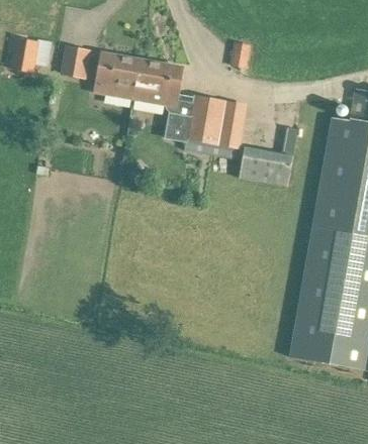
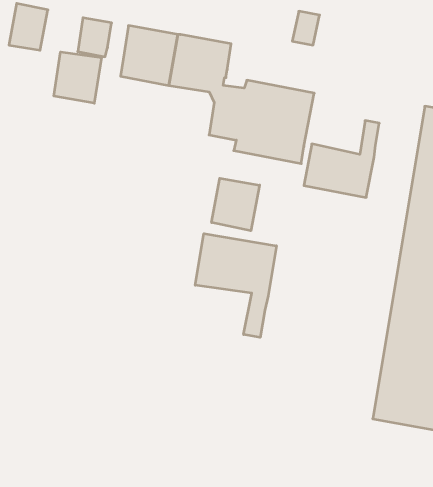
building: none -> [54,52,101,103]
building: none -> [212,178,260,231]
building: none -> [195,234,276,337]

